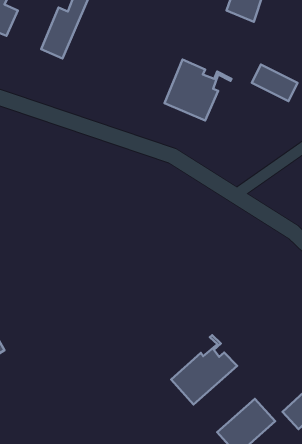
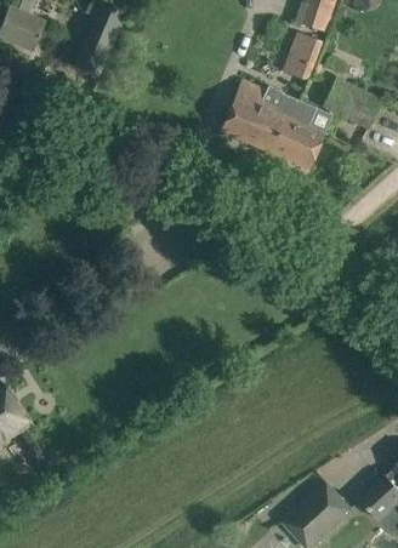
building: none -> [282,32,323,81]
building: none -> [268,97,324,169]
building: [171,335,237,405] -> none

